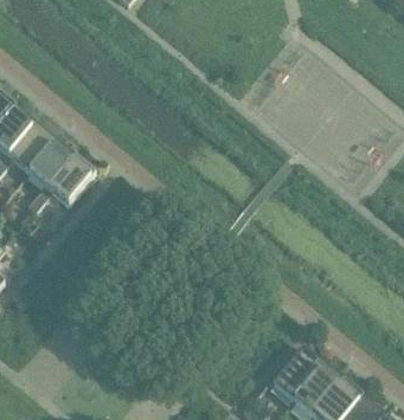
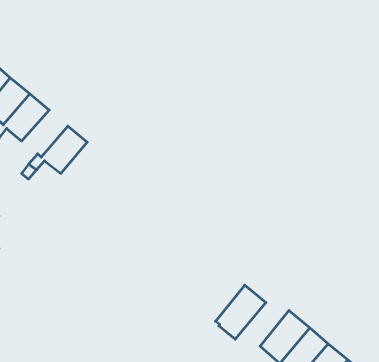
building: [26,137,73,186] -> none
building: none -> [215,285,266,339]

